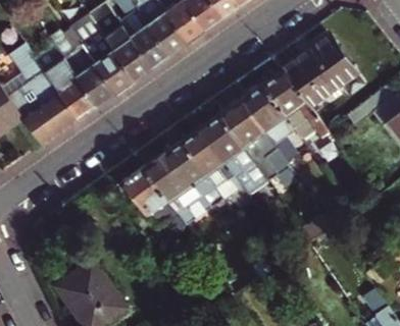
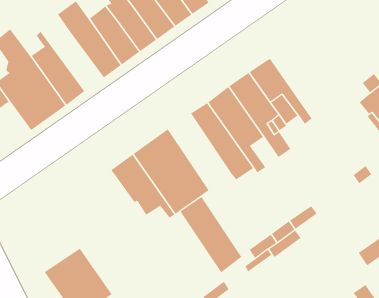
building: [52,33,117,104] -> none
building: [286,38,360,108] -> none
building: [183,126,246,204] -> [179,196,242,273]

